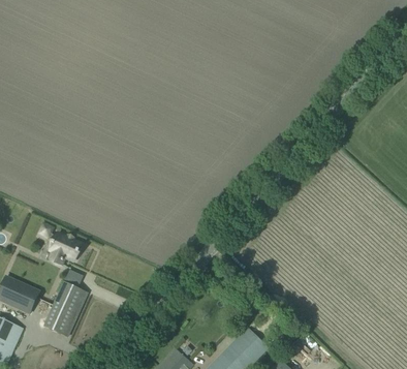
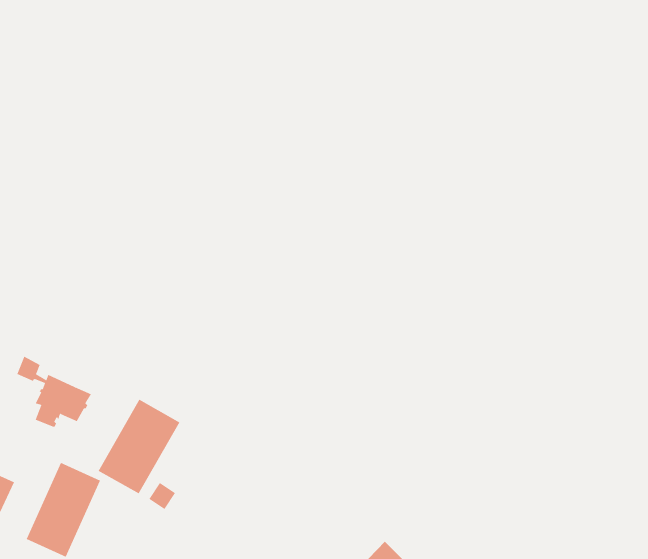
building: none -> [98,399,180,494]

